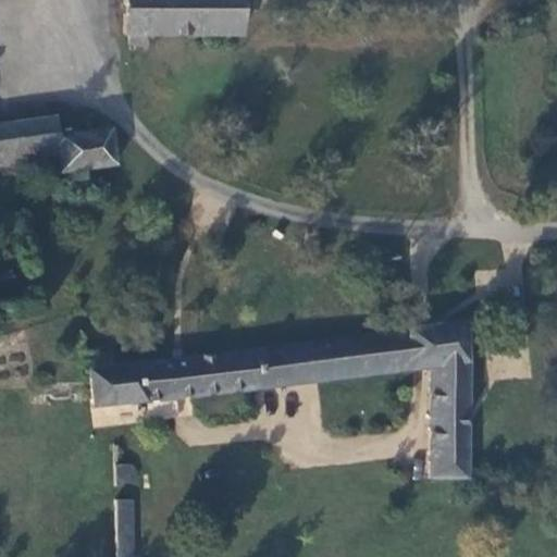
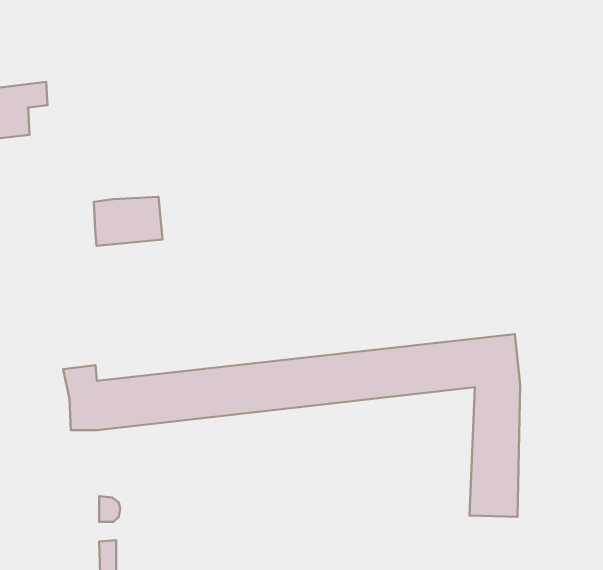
building: [58,131,115,172] -> [94,197,163,246]

